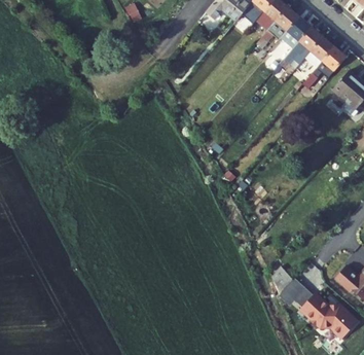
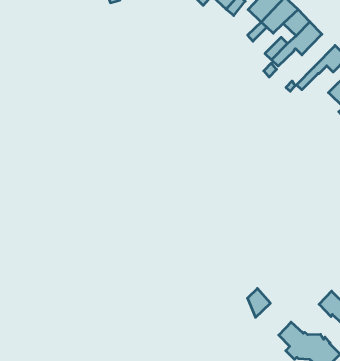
building: [305,37,334,67] -> none
building: [278,280,311,307] -> none

